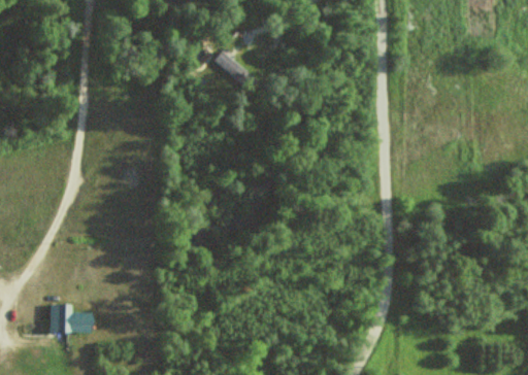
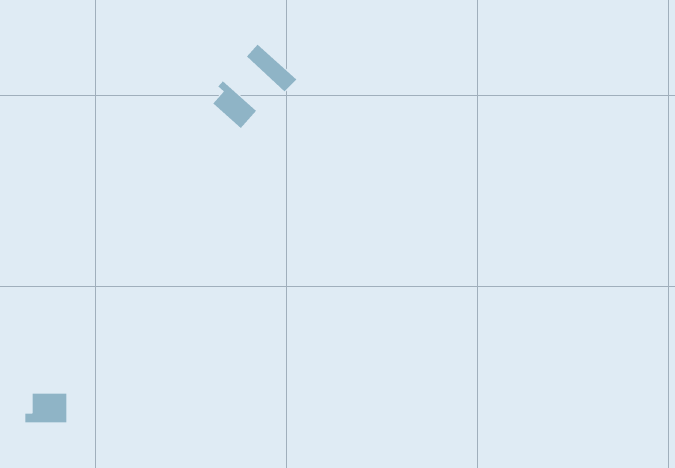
building: none -> [213,81,257,129]

